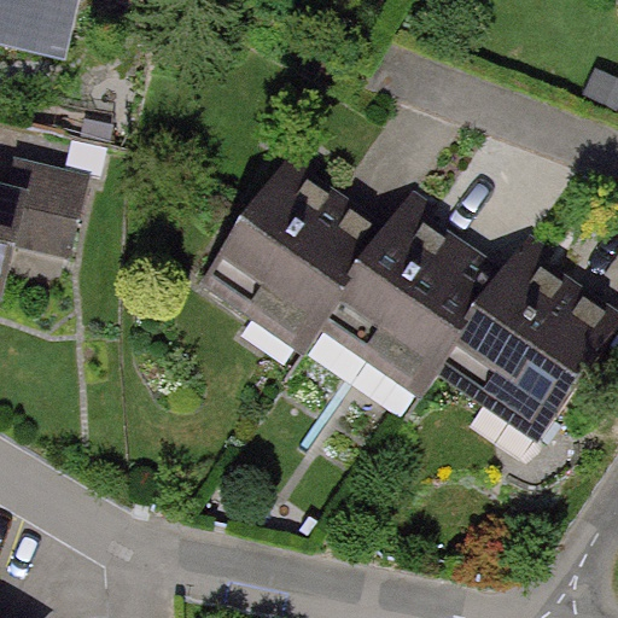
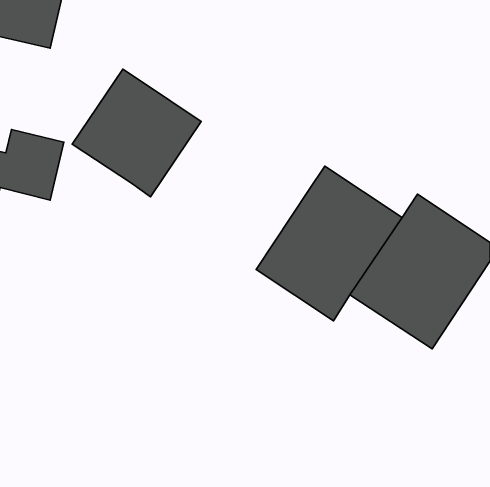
building: none -> [72,69,201,197]
building: [199,167,386,360] -> none

